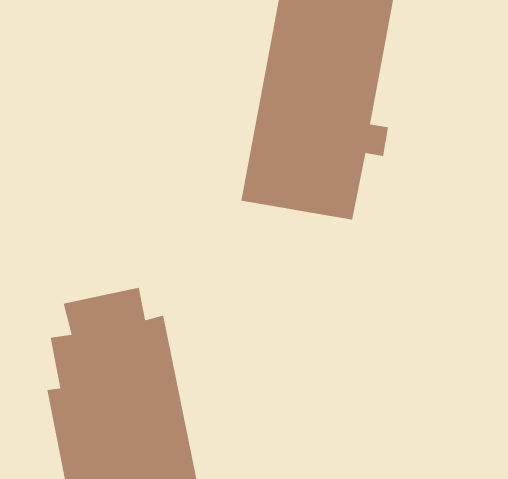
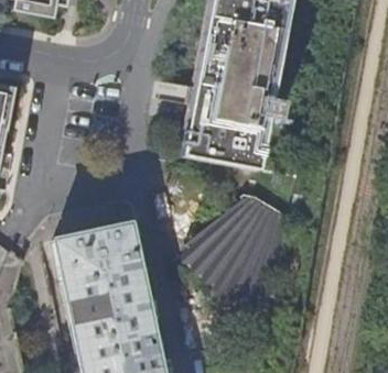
building: none -> [188,198,292,308]

